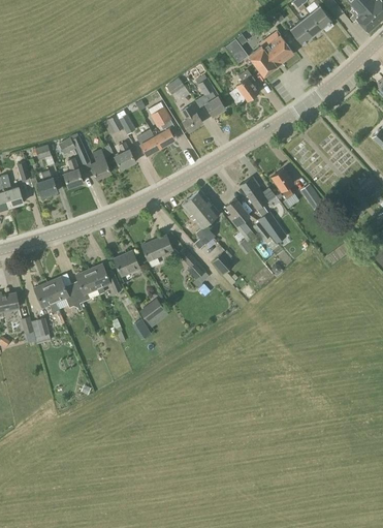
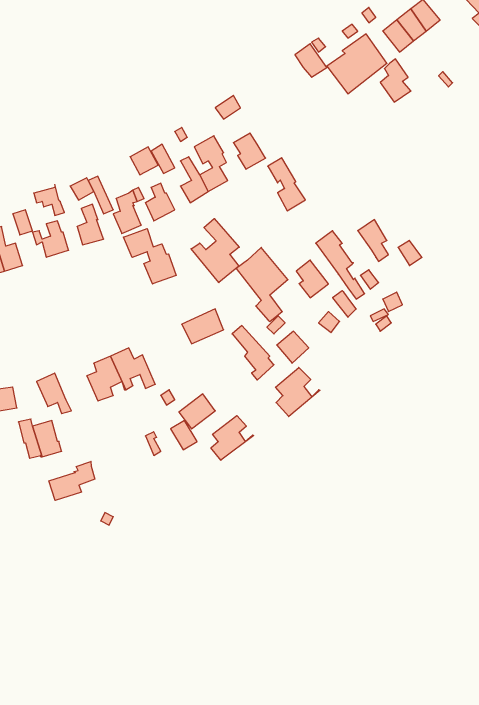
building: [236,68,259,100] -> [380,59,411,102]
building: [198,77,226,117] -> [268,158,305,211]
building: none -> [191,219,239,283]
building: none -> [123,229,176,284]
building: [114,250,140,276] -> none
building: [47,277,79,308] -> none
building: none -> [276,367,320,417]
building: none -> [211,416,254,460]
building: none -> [49,461,95,500]

